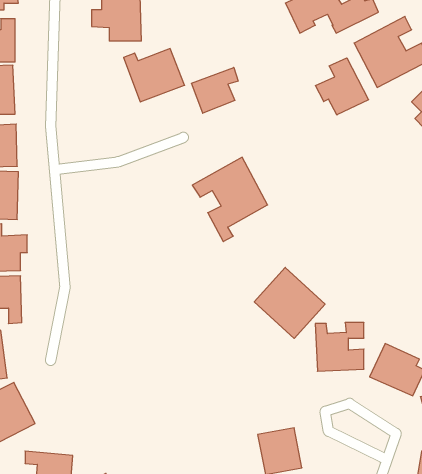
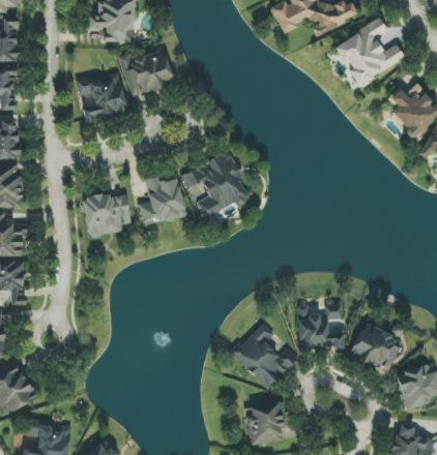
building: [315,58,369,115] -> none
building: [191,67,238,113] -> none
building: none -> [77,74,127,121]
building: none -> [139,175,185,224]
building: none -> [82,192,130,237]
building: [254,267,325,338] -> [231,323,297,389]

